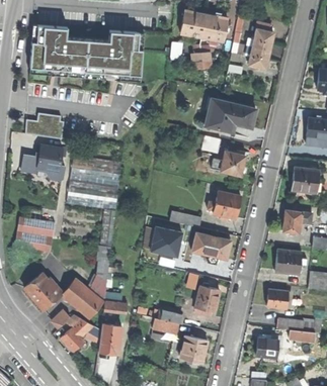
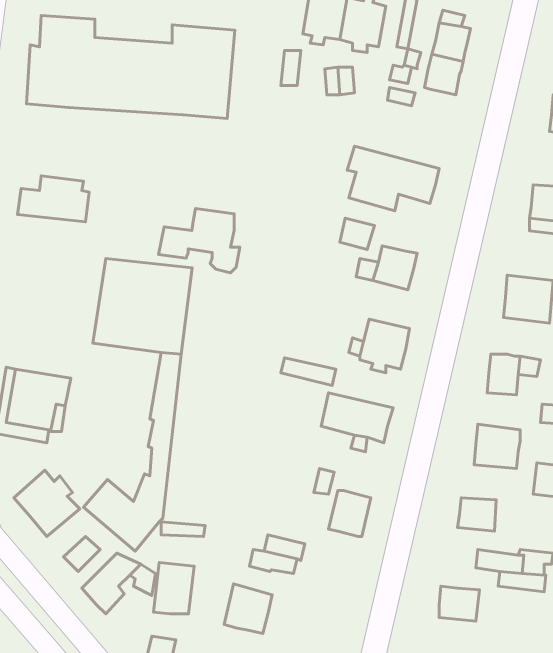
building: [20,144,65,180] -> [159,208,240,273]
building: [150,226,181,255] -> none
building: [180,334,207,362] -> [224,584,272,634]

